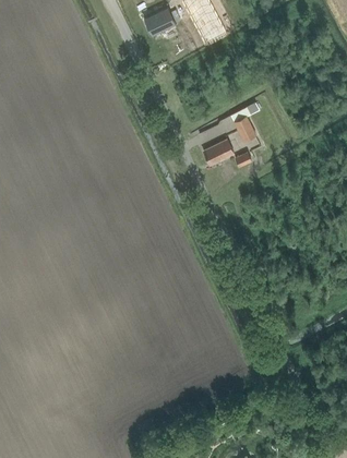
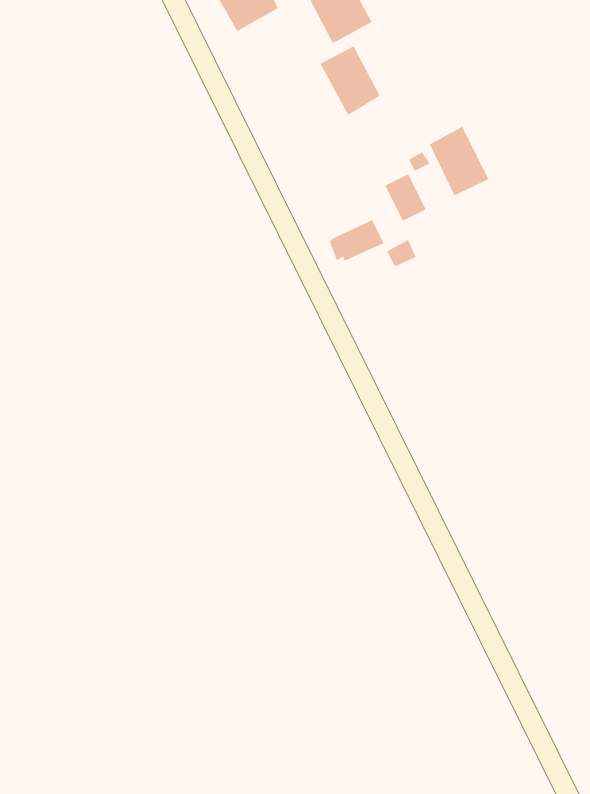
building: none -> [319,45,380,116]
building: none -> [429,126,489,196]

